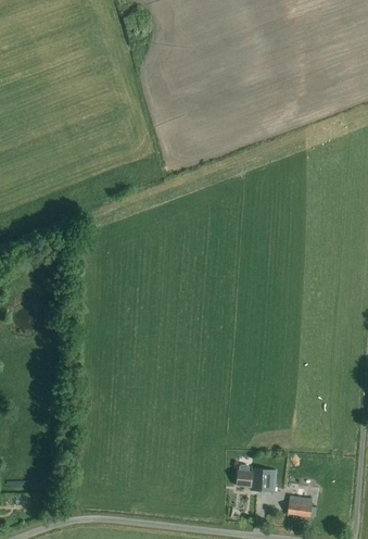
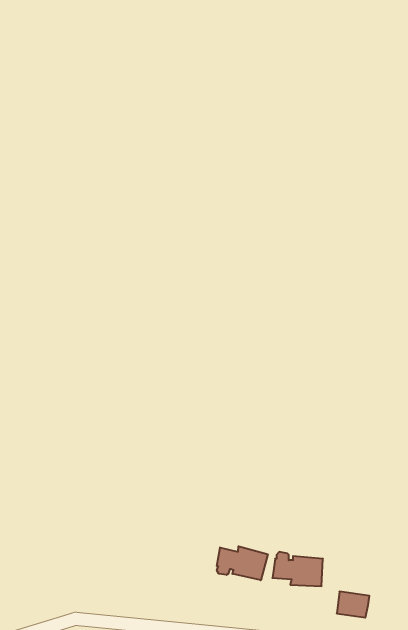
building: none -> [217,546,268,580]

